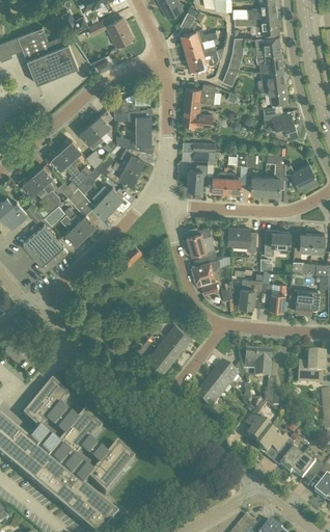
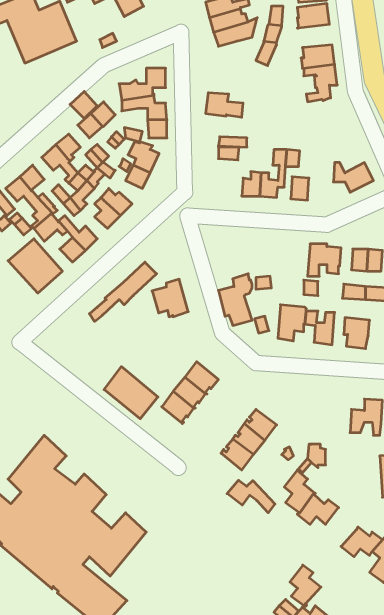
building: [255,53,283,72] -> none
building: [184,84,215,109] -> none
building: [264,112,298,138] -> none
building: [264,163,285,195] -> none
building: [187,164,208,190] -> none
building: [187,228,216,258] -> [152,279,188,317]
building: [227,229,256,252] -> none
building: none -> [104,367,158,419]
building: [246,351,272,378] -> none
building: none -> [227,480,275,513]
building: [278,442,303,475] -> [290,565,321,606]

